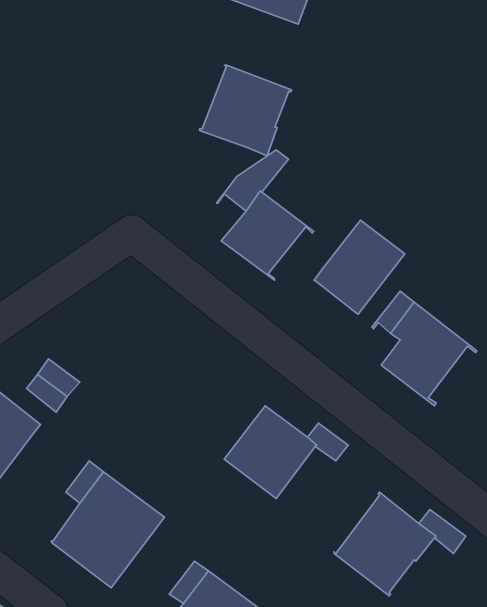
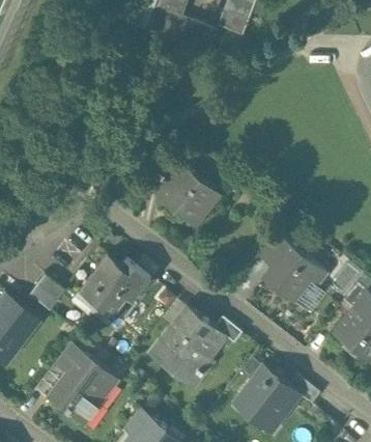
building: [199,65,291,156] -> none
building: [314,220,405,314] -> none
building: none -> [78,255,149,319]
building: none -> [148,342,205,390]

